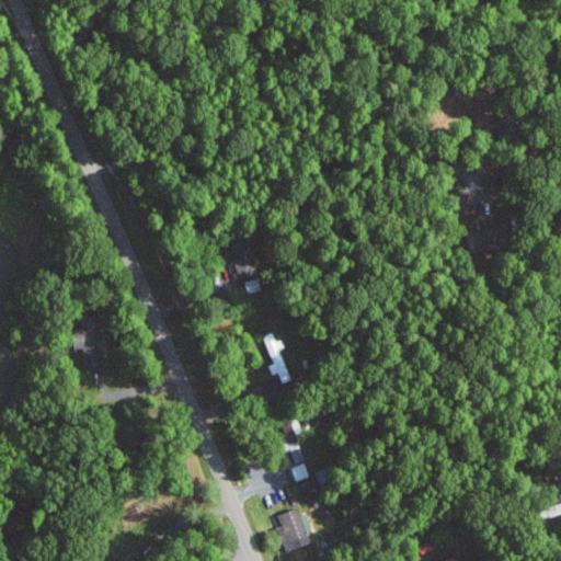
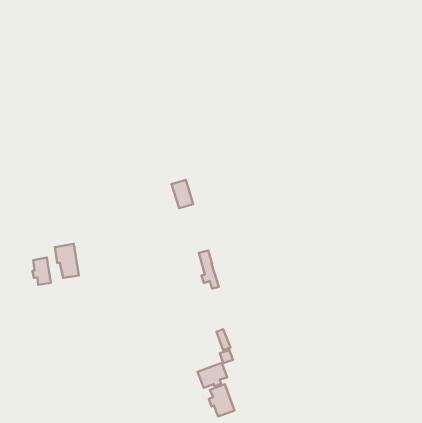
building: none -> [33,257,51,285]
building: none -> [197,363,227,388]

